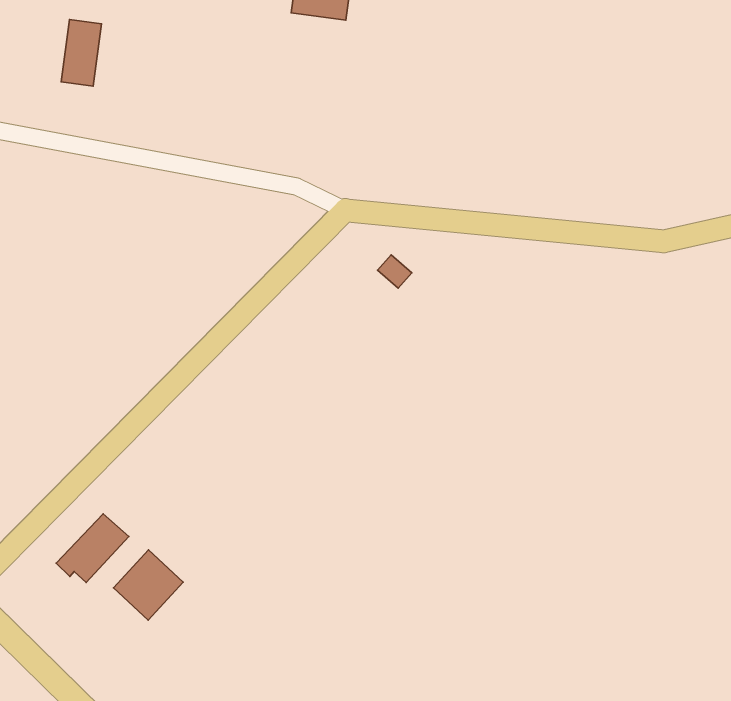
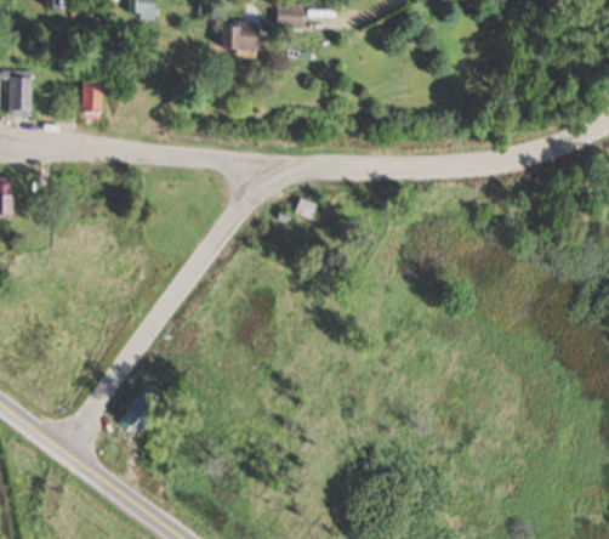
building: [113,550,183,620] -> none

